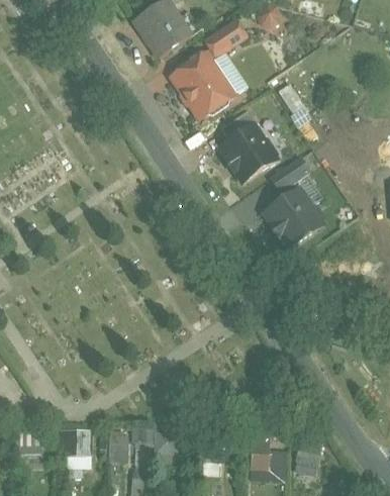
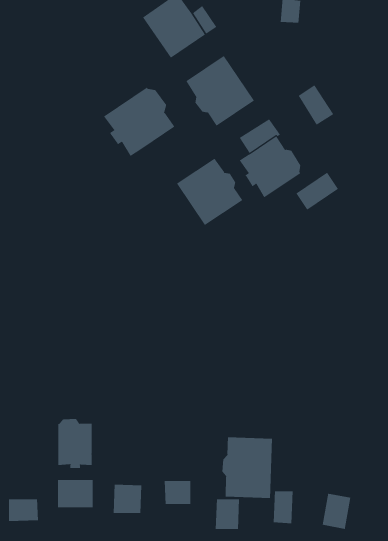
building: [205,20,246,56] -> none
building: none -> [103,86,175,157]
building: none -> [176,158,243,226]
building: [265,190,322,247] -> none
building: none -> [58,418,92,469]
building: none -> [222,437,272,499]

